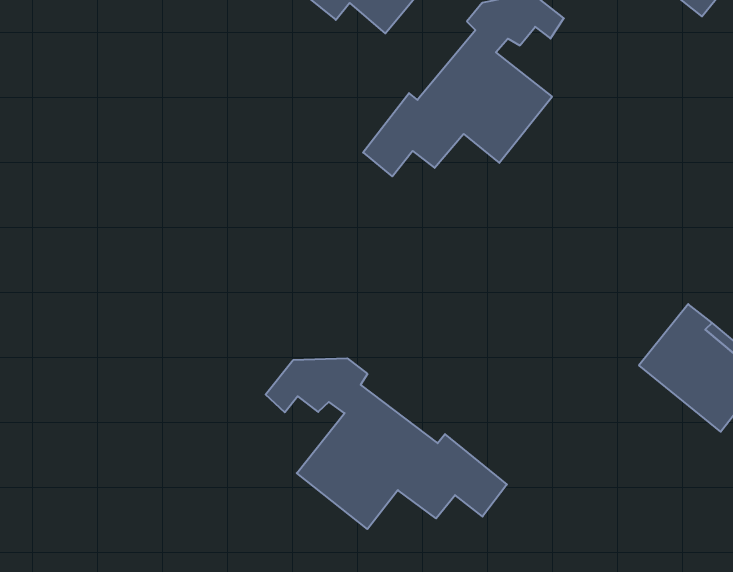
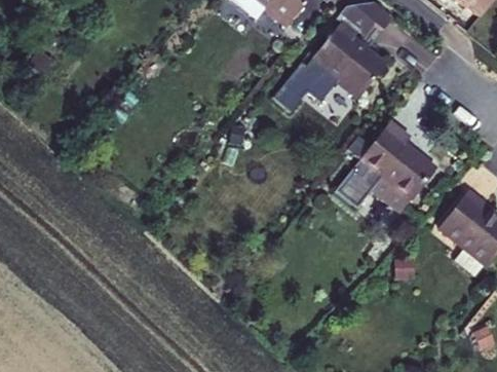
building: none -> [336,121,435,212]
building: [266,358,507,529] -> none

